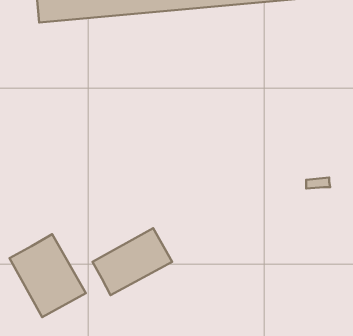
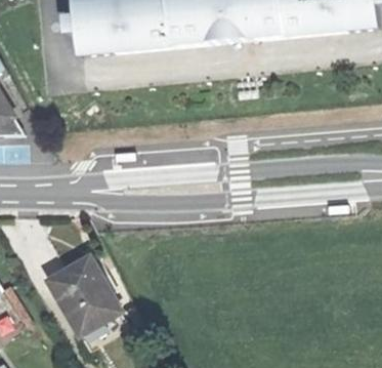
building: [92,228,172,295] -> none

